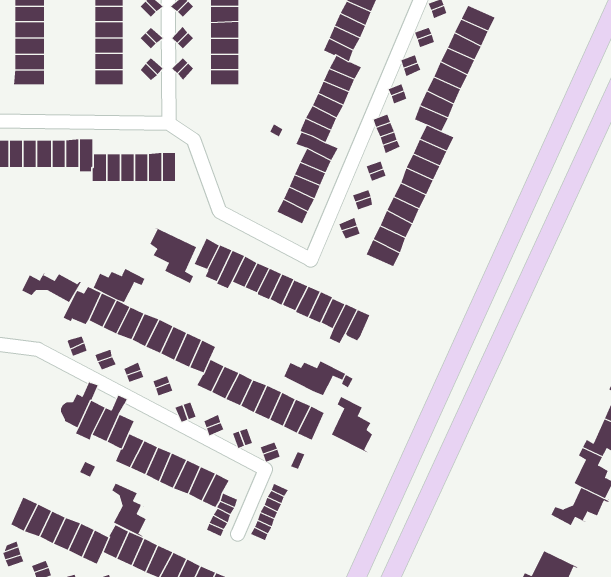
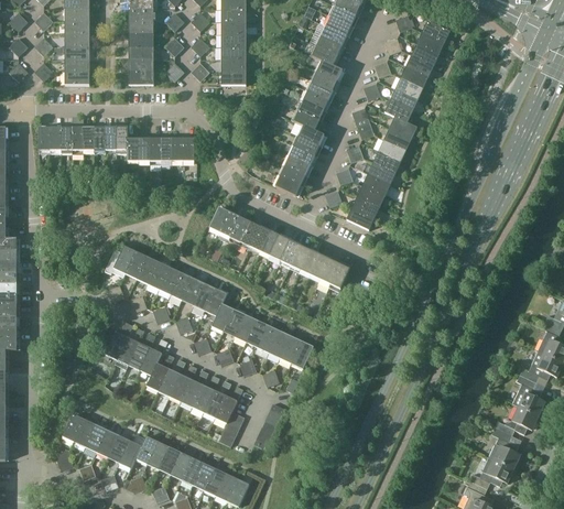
building: [150,226,197,284] -> none
building: [88,268,145,303] -> none
building: [21,272,82,303] -> none
building: [278,360,346,396] -> none
building: [331,396,373,453] -> none
building: [112,483,147,538] -> none
building: none -> [488,427,519,469]

